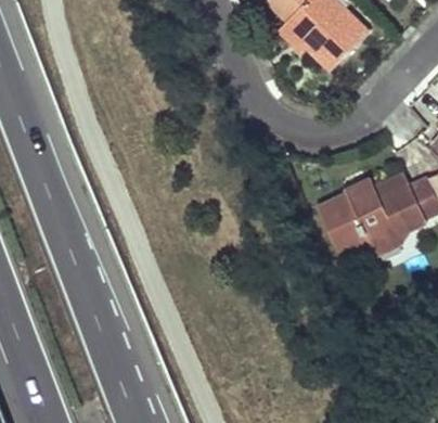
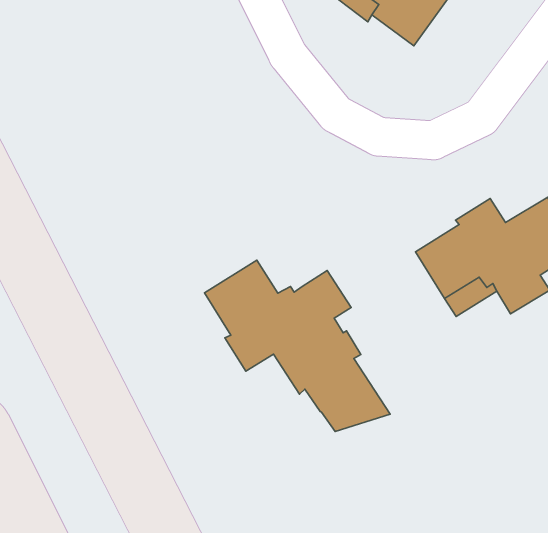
building: none -> [204,260,390,432]

